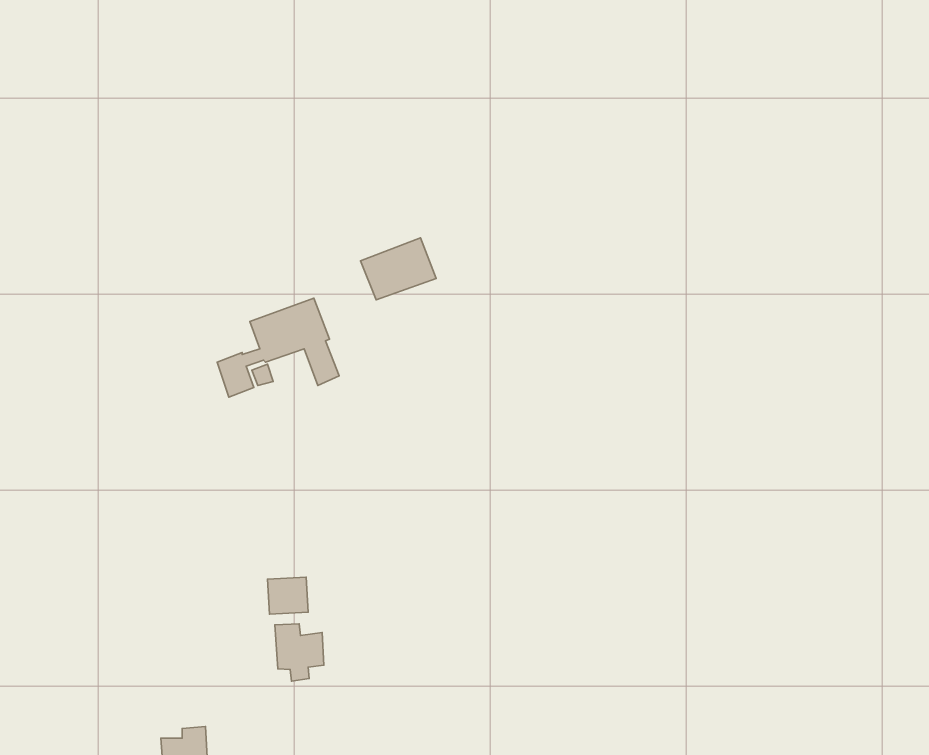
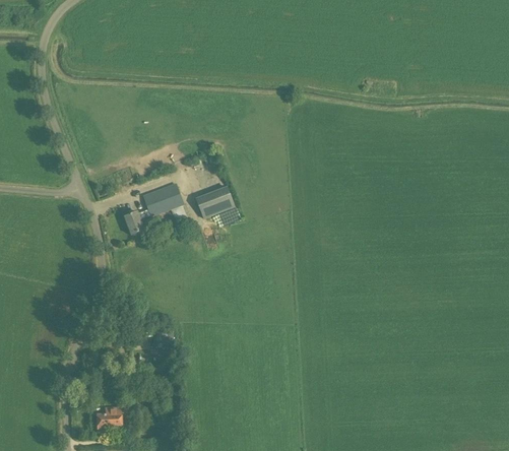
building: [361,238,436,300] -> [195,186,235,218]
building: [275,624,324,681] -> none

